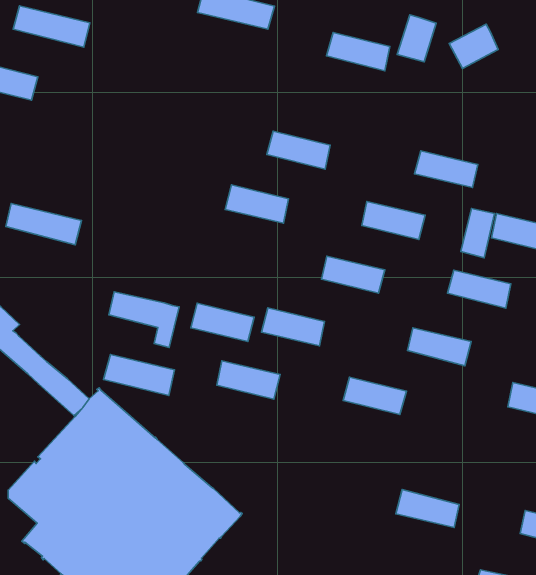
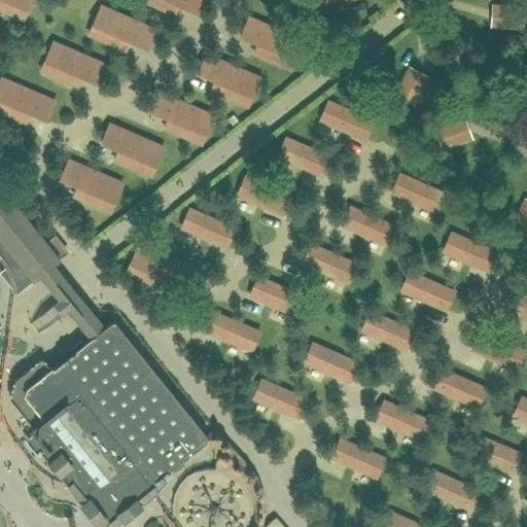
building: [449,24,498,69] -> [435,118,473,150]
building: [327,33,390,71] -> [320,103,372,140]
building: none -> [199,55,259,96]
building: none -> [152,93,213,134]
building: none -> [102,126,163,167]
building: [461,209,494,258] -> none
building: [191,303,254,342] -> [181,210,233,247]
building: [103,354,175,396] -> none
building: none -> [377,402,428,440]
building: none -> [253,382,305,418]

